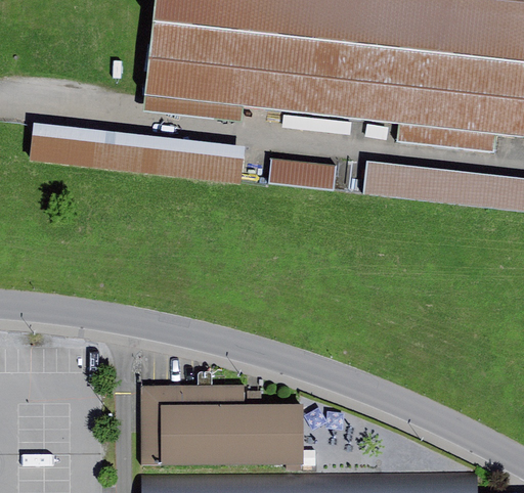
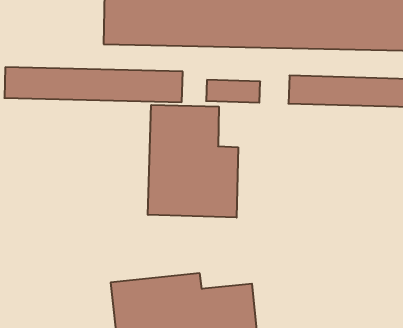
building: none -> [148,105,238,218]

